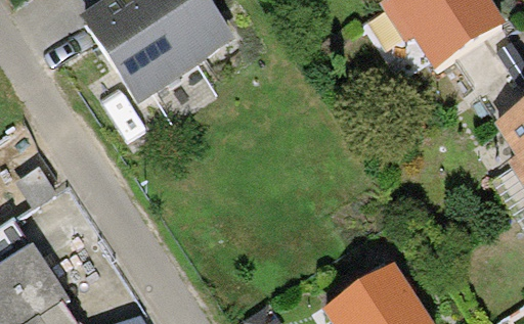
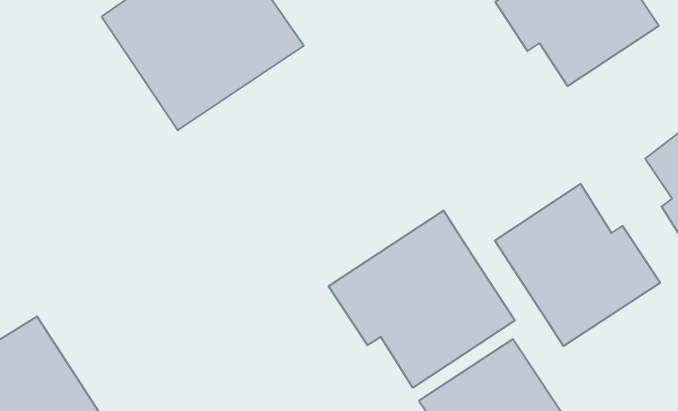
building: none -> [495,184,660,346]
building: none -> [329,210,515,388]

